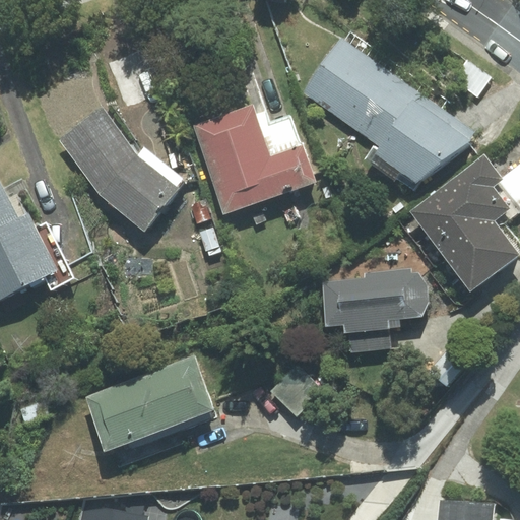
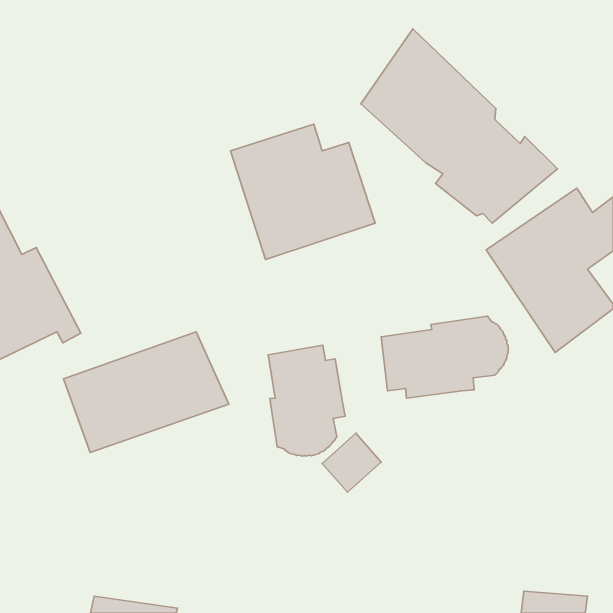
building: [50,102,180,235] -> none
building: none -> [268,345,345,456]
building: [81,355,220,457] -> [64,332,229,452]

